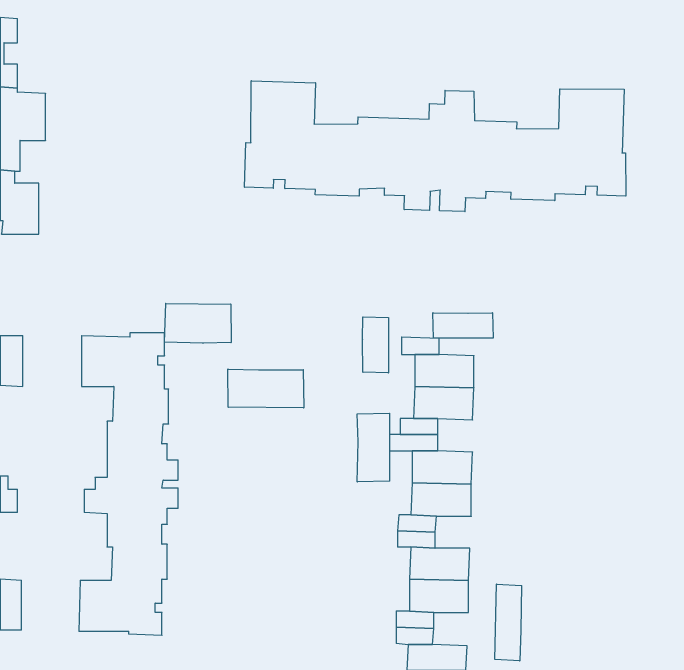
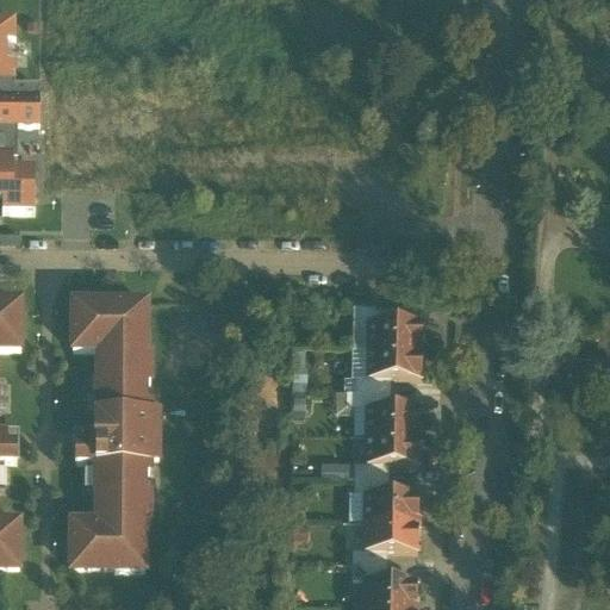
building: [245,81,626,212] -> none
building: [165,303,231,343] -> none
building: [433,313,493,338] -> none
building: [363,317,388,373] -> none
building: [228,369,304,408] -> none
building: [357,413,390,482] -> none
building: [495,584,522,661] -> none

